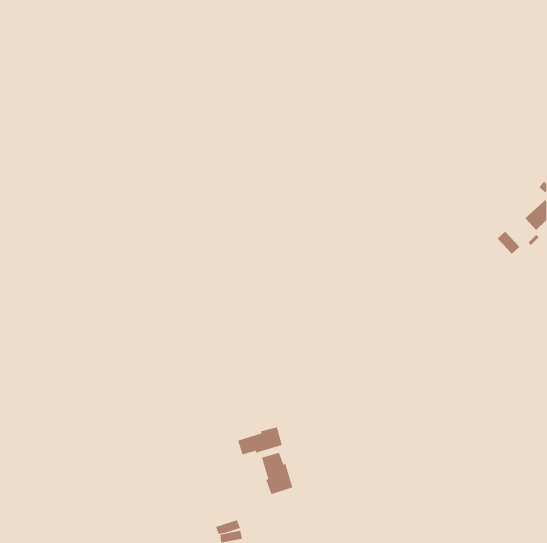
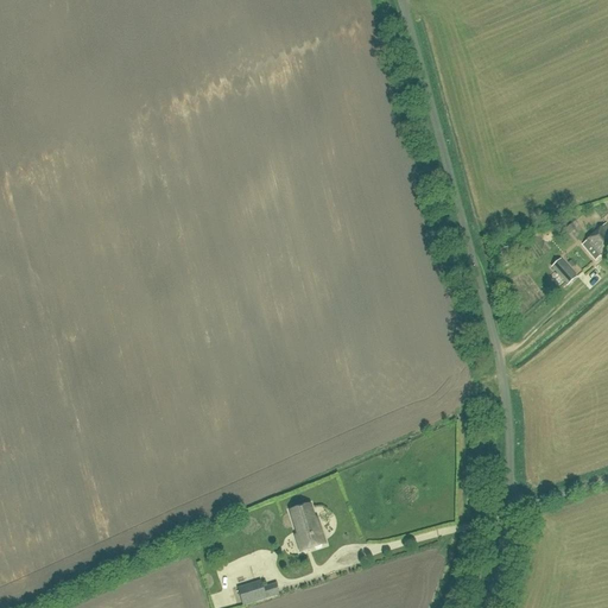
building: [237,426,282,455] -> none

